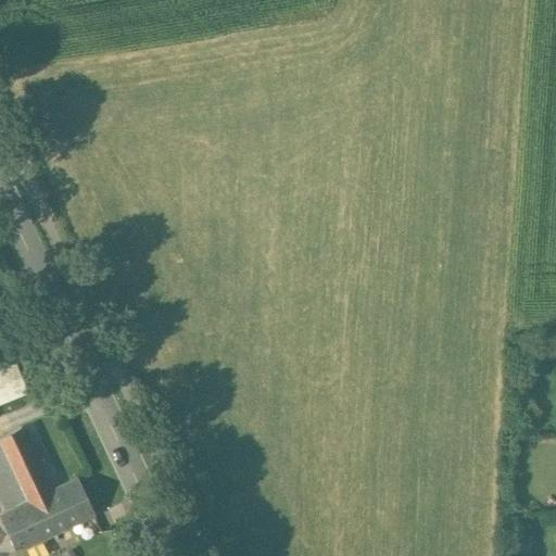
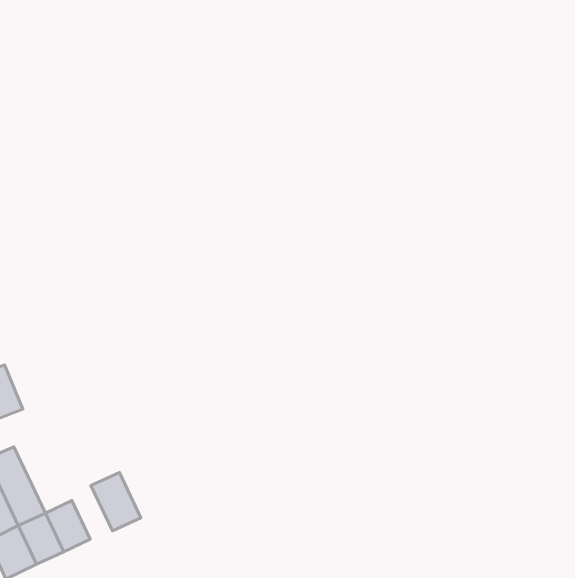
building: none -> [91,472,141,531]

